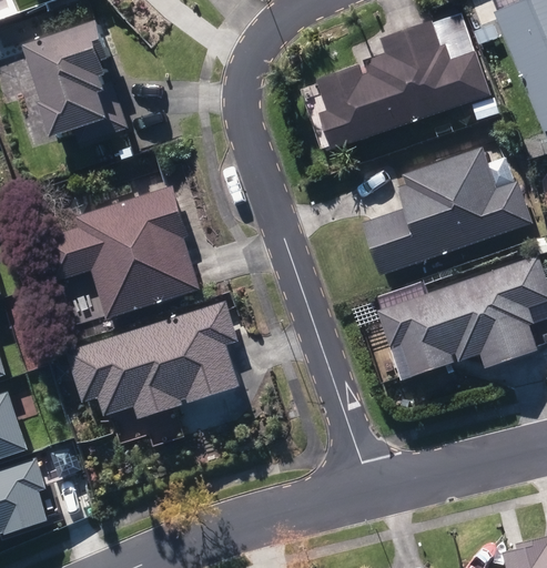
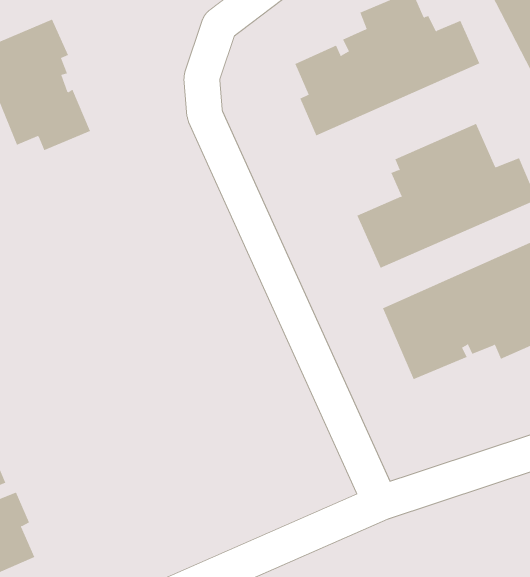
building: [44,187,199,318] -> none
building: [70,301,237,417] -> none

